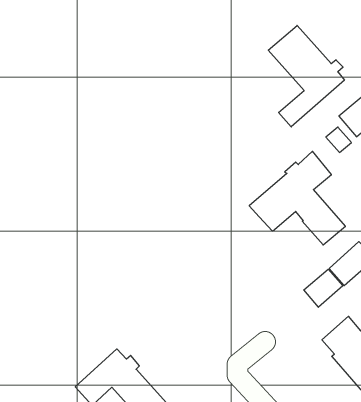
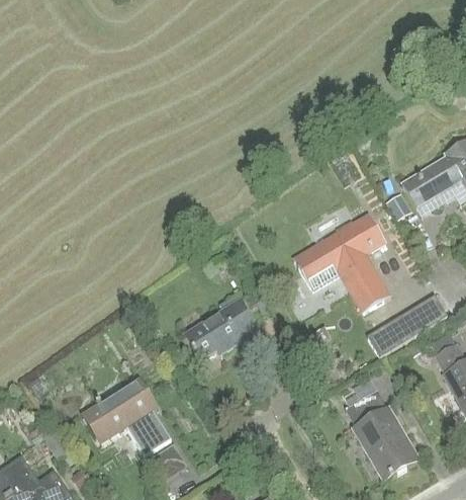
building: [268,25,344,127] -> none
building: none -> [184,301,257,359]
building: [304,269,343,307] -> none

